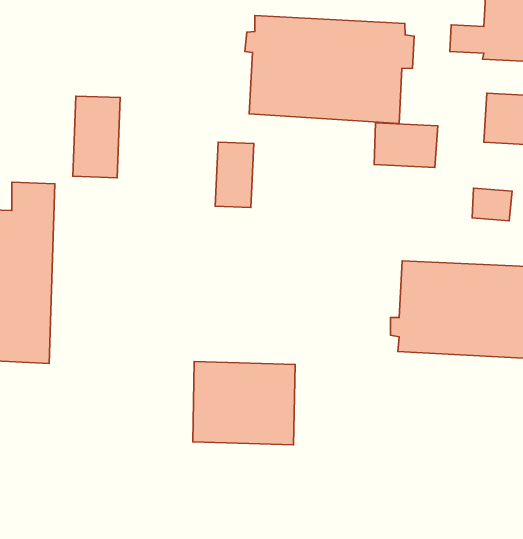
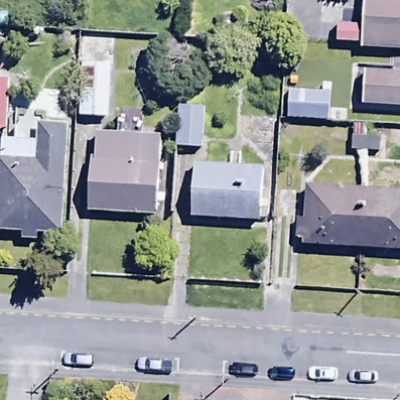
building: [245,15,414,123] -> none
building: none -> [88,142,157,212]
building: [193,362,295,445] -> [192,159,262,216]

